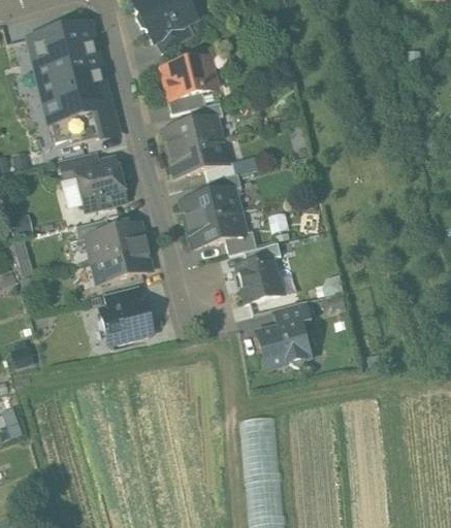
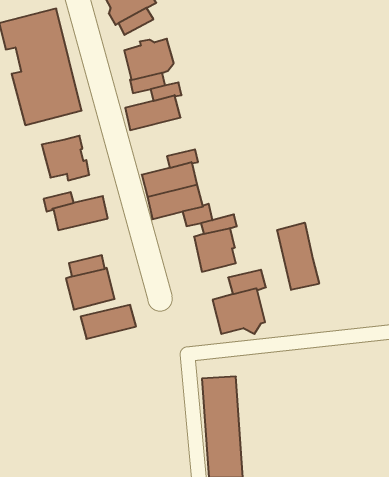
building: [167,138,227,175] -> none
building: [59,150,97,177] -> none
building: [91,245,150,282] -> [81,305,136,339]
building: none -> [277,223,319,290]

